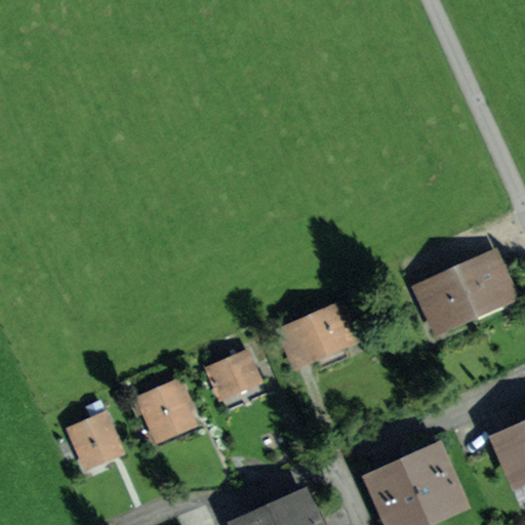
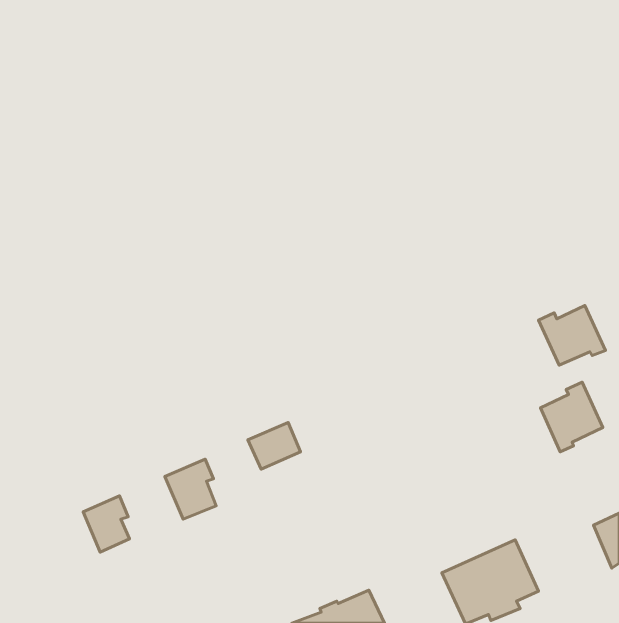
building: [417,269,470,327] -> [541,382,603,452]
building: [280,308,351,362] -> none

